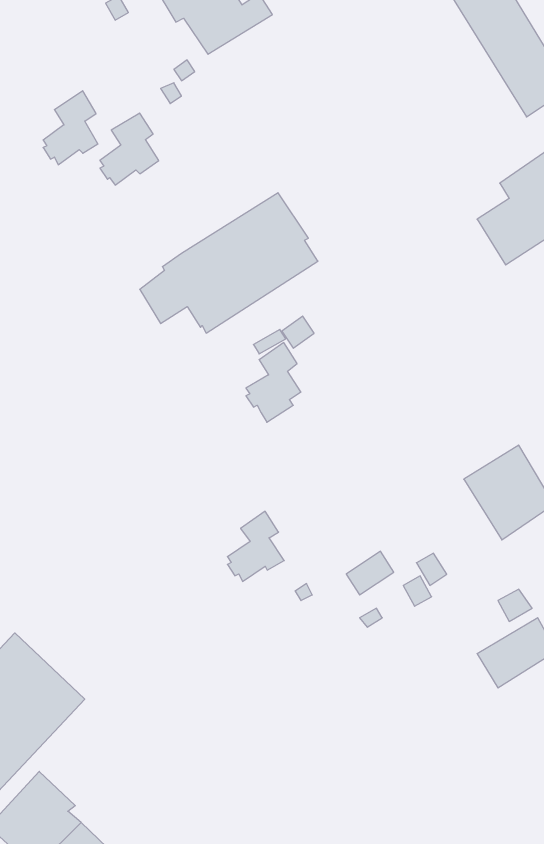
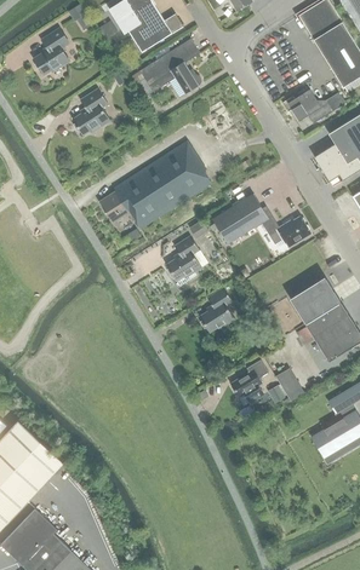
building: none -> [139,39,201,93]
building: [43,91,98,165] -> [34,28,69,75]
building: none -> [287,90,333,123]
building: none -> [212,194,310,247]
building: none -> [290,277,341,323]
building: [227,511,284,581] -> [199,288,235,333]

